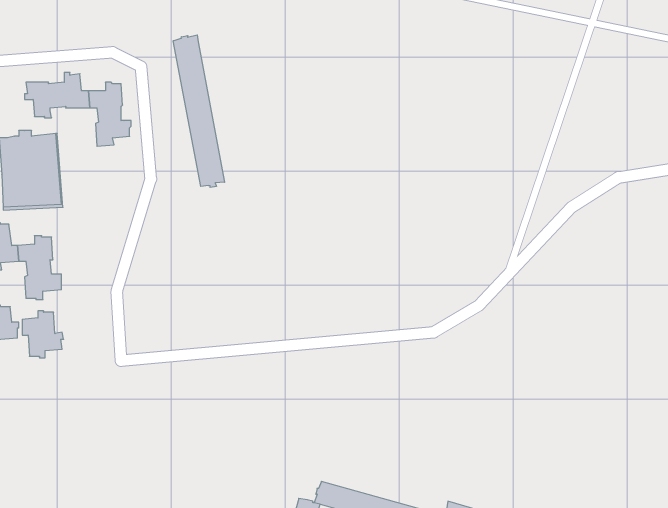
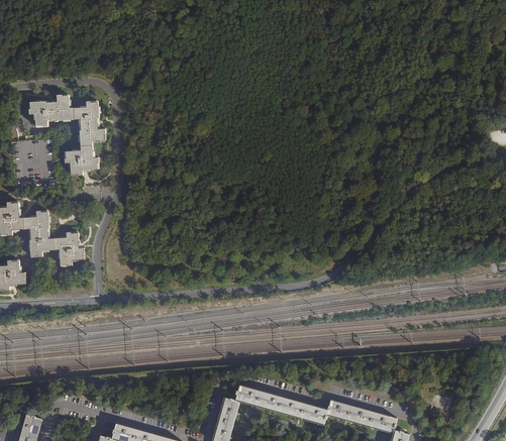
building: [173,35,225,187] -> none
building: none -> [65,145,99,175]
building: [22,311,64,358] -> [56,231,85,264]

